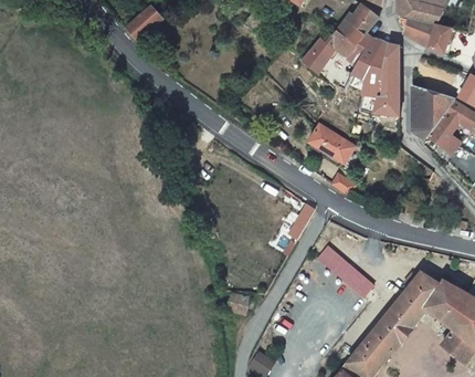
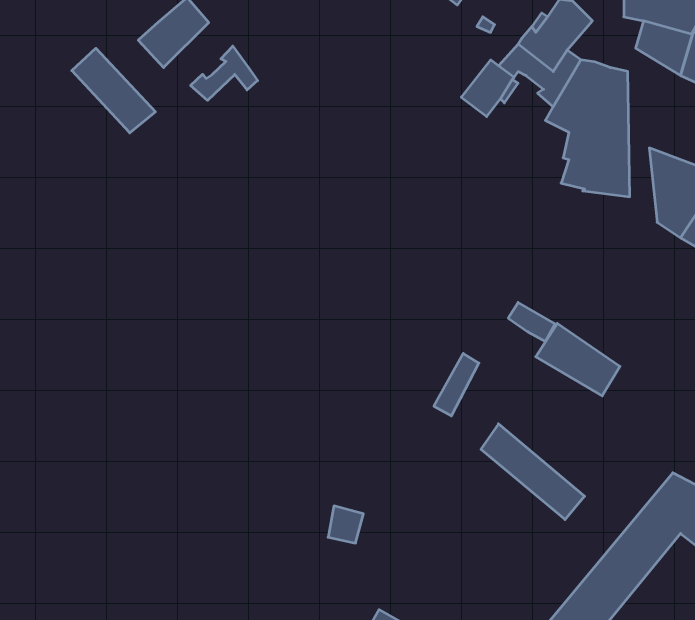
building: none -> [191,46,258,100]
building: none -> [72,48,155,133]
building: [306,126,353,167] -> [536,323,620,396]

